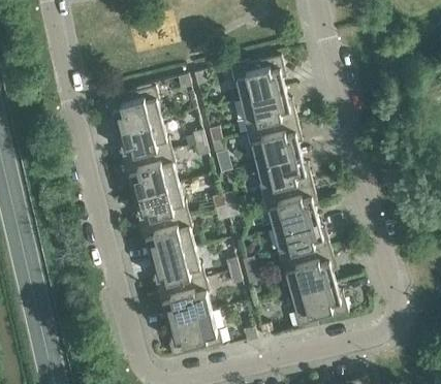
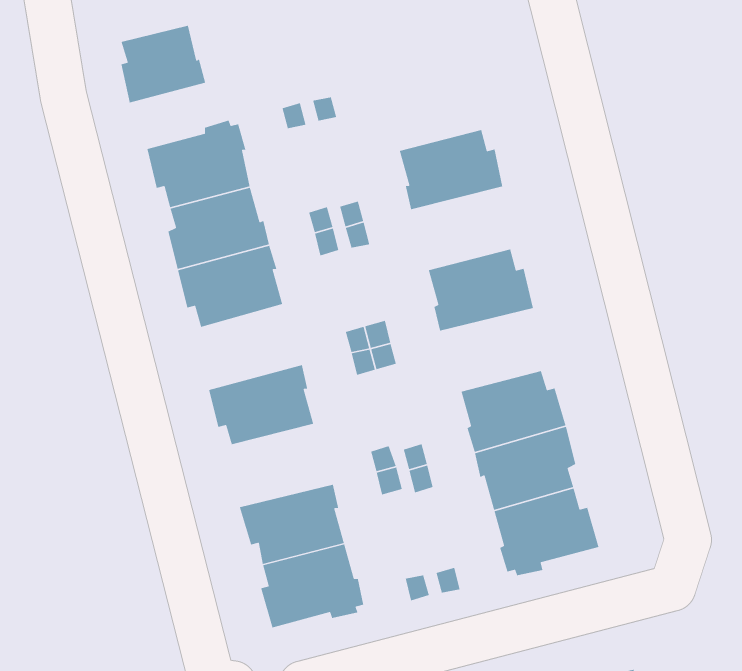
building: none -> [120,25,206,103]
building: [229,53,285,98] -> none
building: [246,118,301,162] -> none
building: [132,181,188,226] -> none
building: [261,183,317,227] -> none
building: [149,245,204,289] -> none

